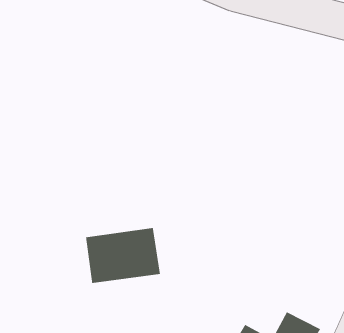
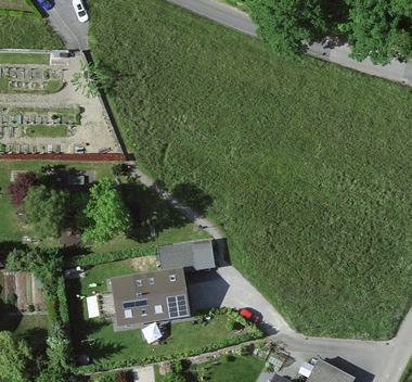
building: none -> [160,239,215,271]

